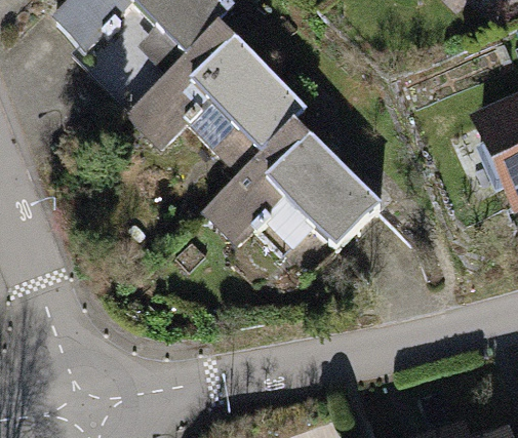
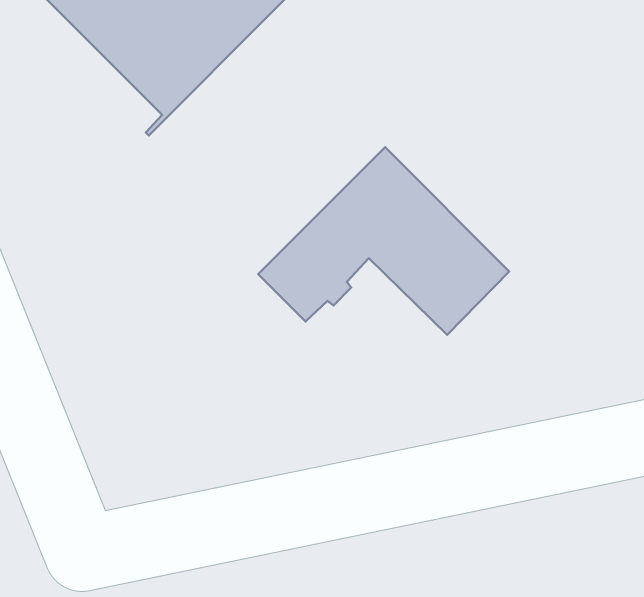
building: [130,19,306,150] -> none

